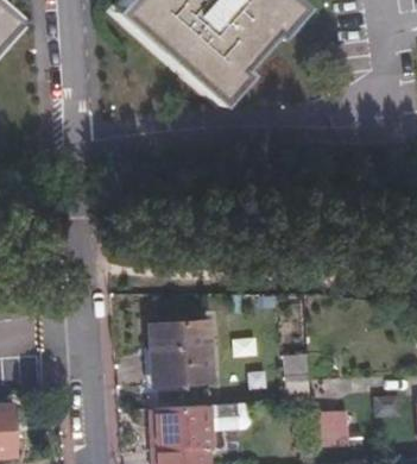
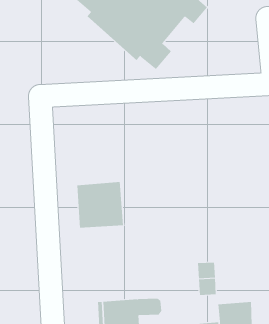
building: [150,322,214,385] -> [77,182,124,228]

